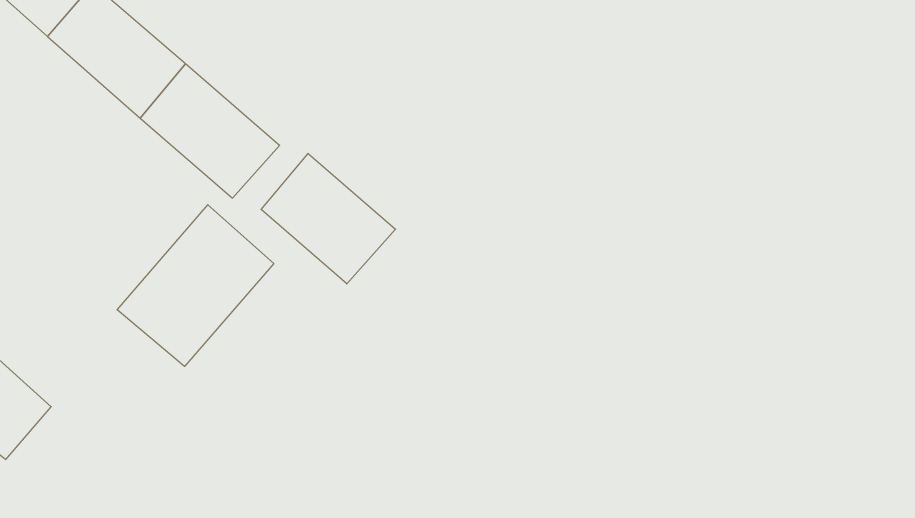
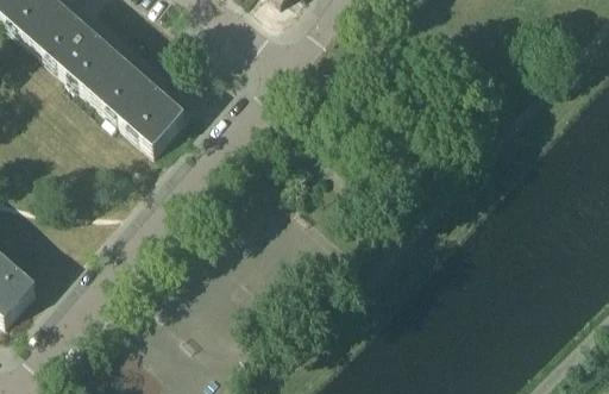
building: [261,153,396,284] -> none
building: [117,205,274,366] -> none

